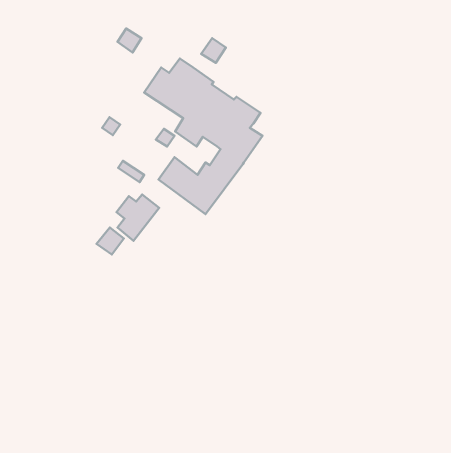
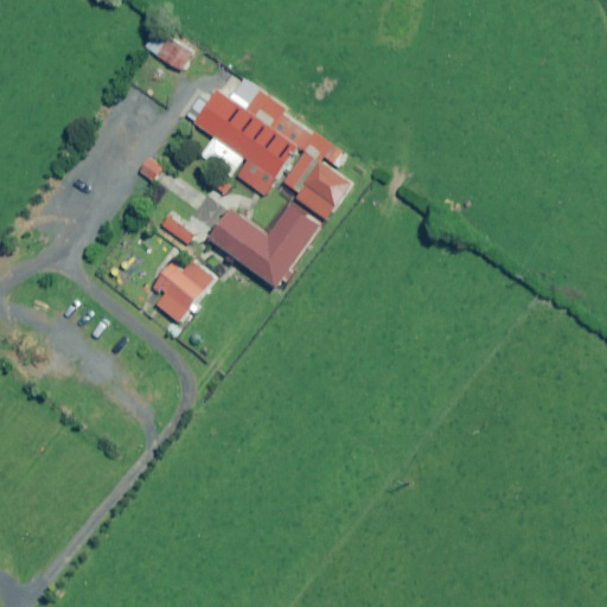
building: [201,38,226,63] -> none
building: [97,228,124,255] -> none

